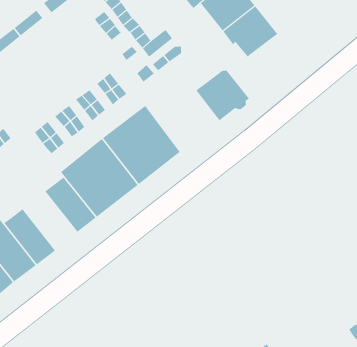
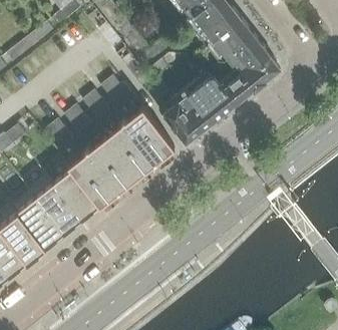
building: none -> [225,43,276,100]
building: none -> [160,93,207,143]
building: none -> [27,175,81,235]

